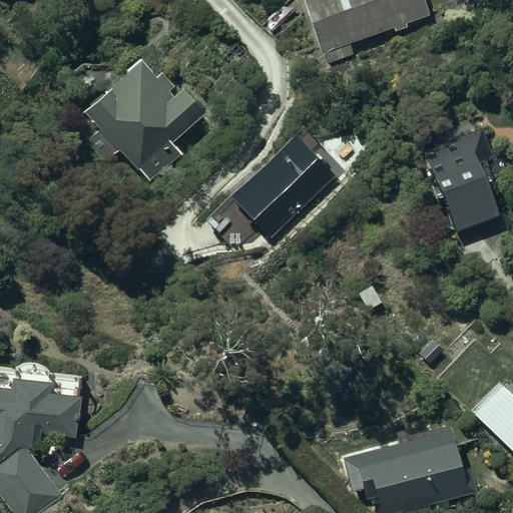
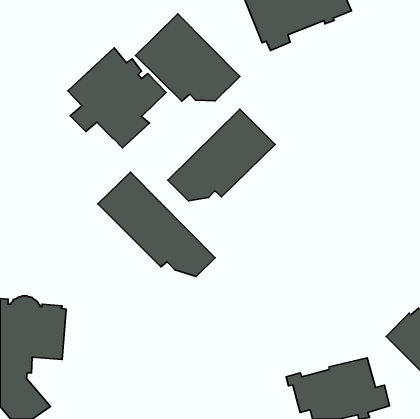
building: none -> [135,14,240,101]
building: [409,117,498,238] -> none
building: none -> [98,172,215,276]

